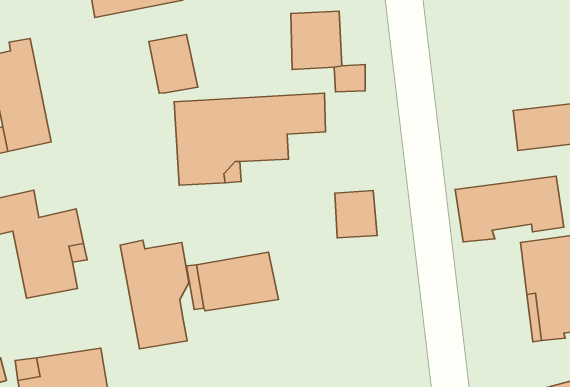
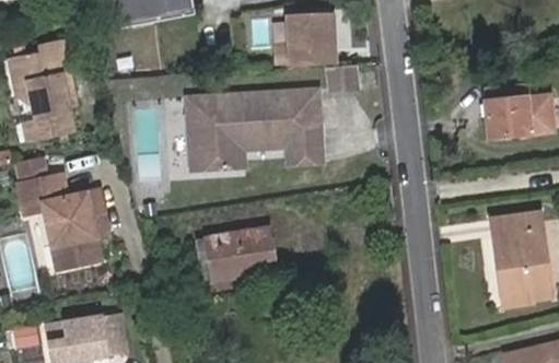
building: [149,35,198,93] -> none
building: [455,176,564,242] -> none
building: [335,191,377,238] -> [286,121,323,163]
building: [120,240,189,349] -> none

